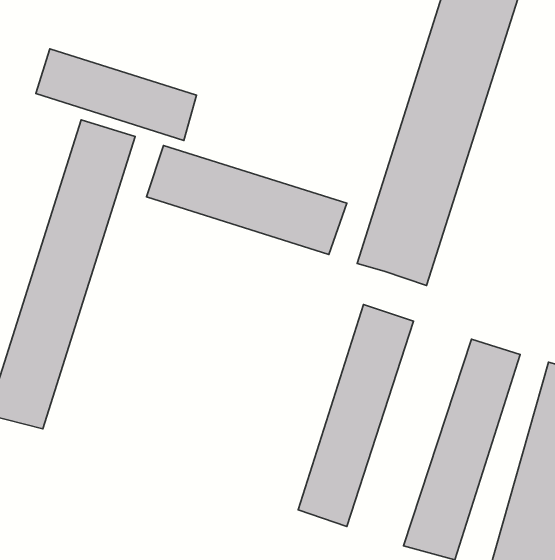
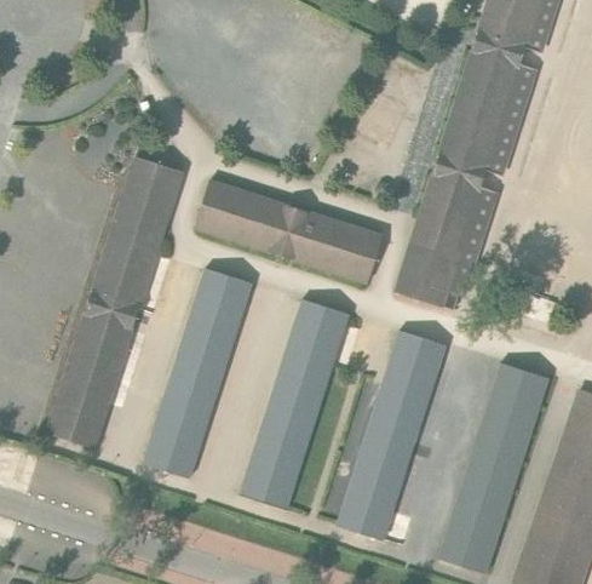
building: [36,49,197,140] -> none
building: none -> [143,269,253,480]
building: none -> [241,300,349,510]

